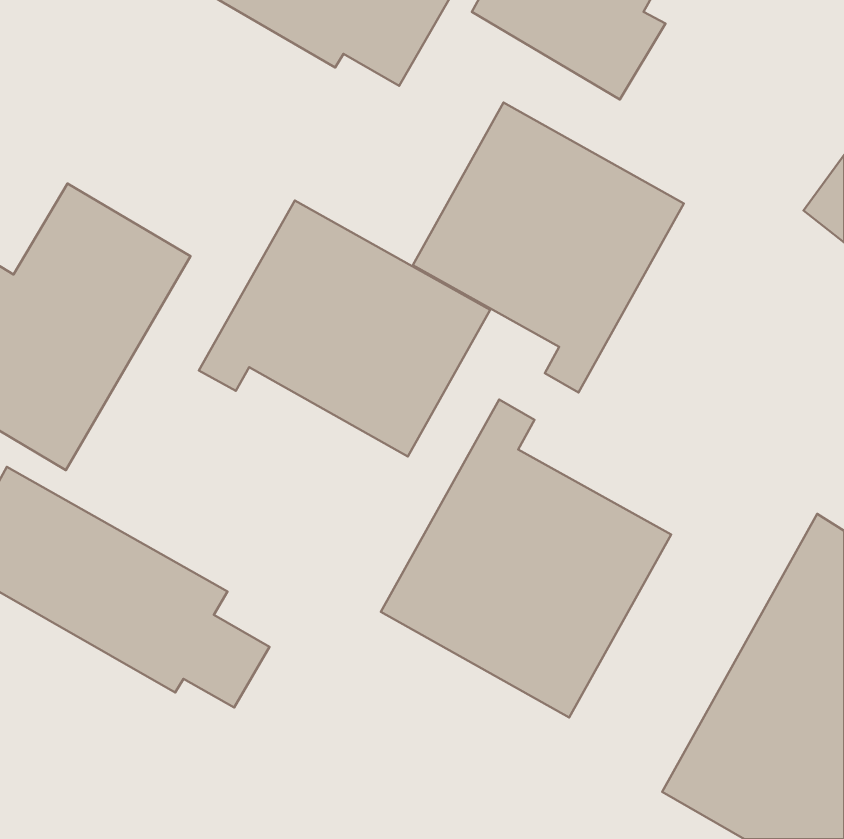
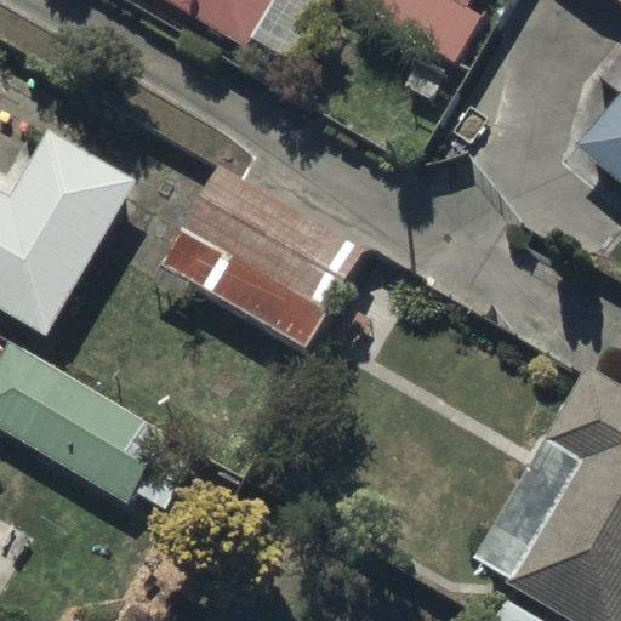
building: [413,102,684,393] -> none
building: [381,400,671,717] -> none

